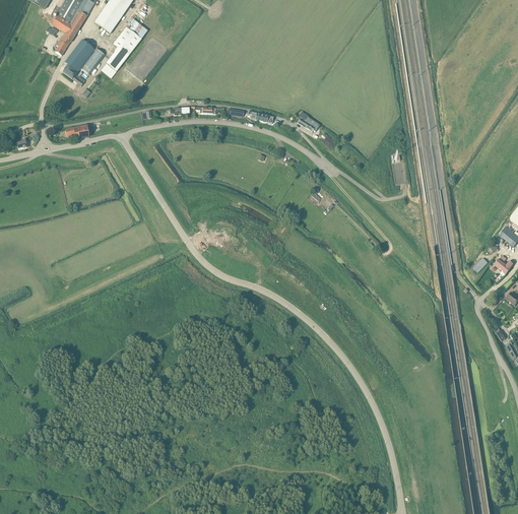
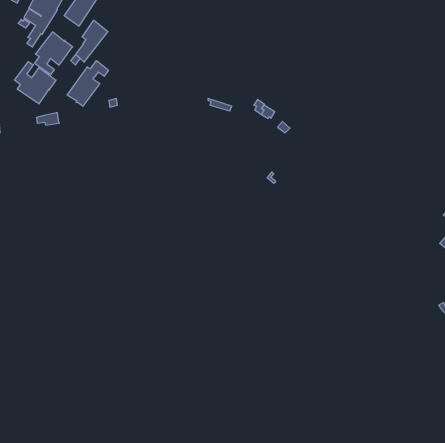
building: none -> [67,61,108,106]
building: none -> [14,62,56,104]

